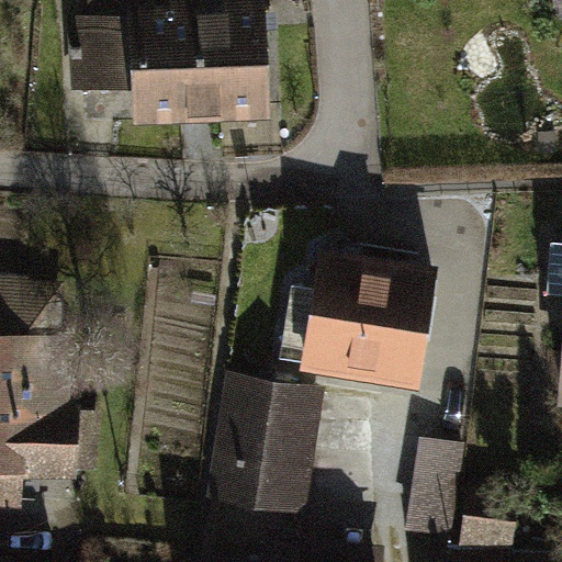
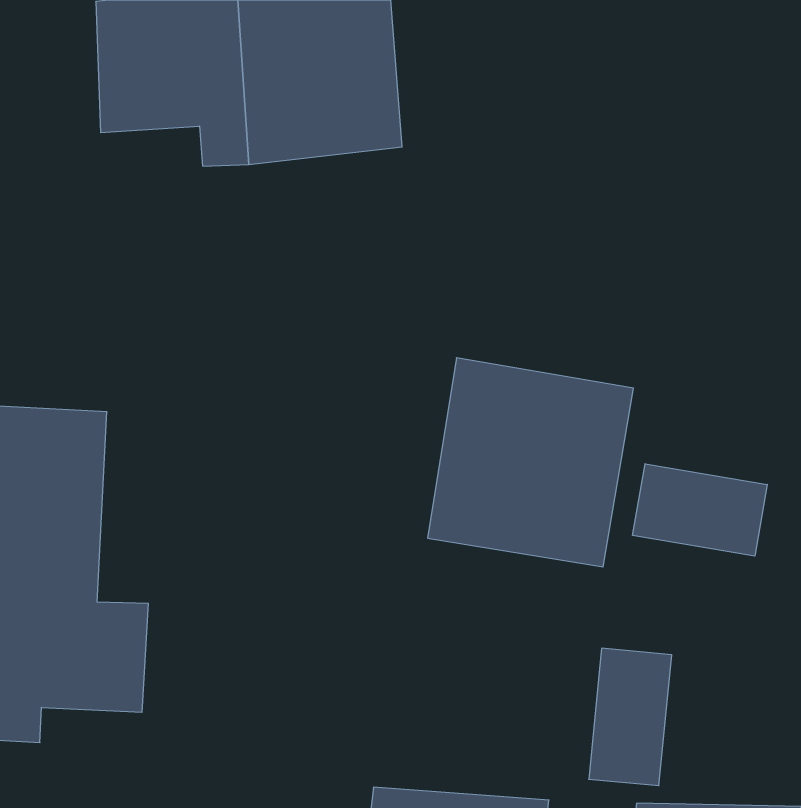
building: none -> [633,464,767,556]
building: [206,383,316,519] -> none

